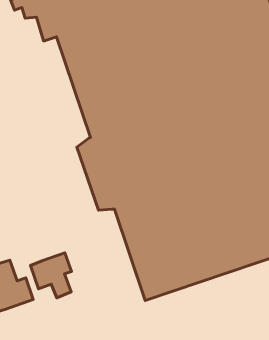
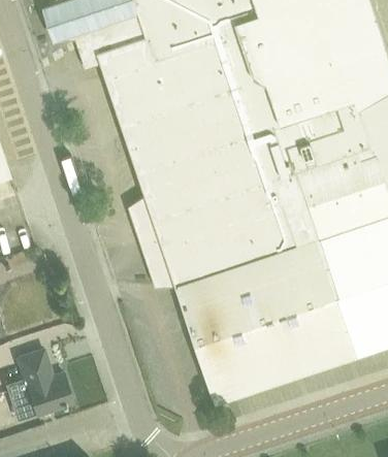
building: [30,253,72,298] -> none

